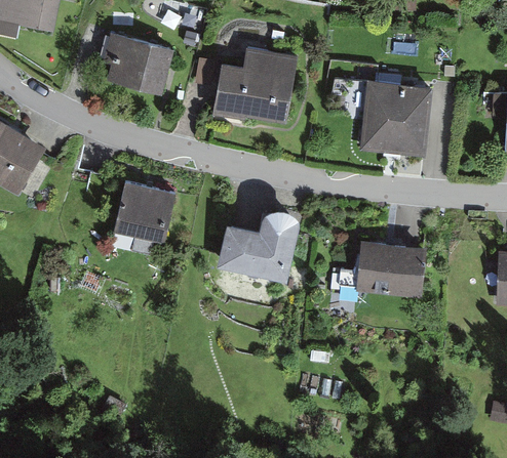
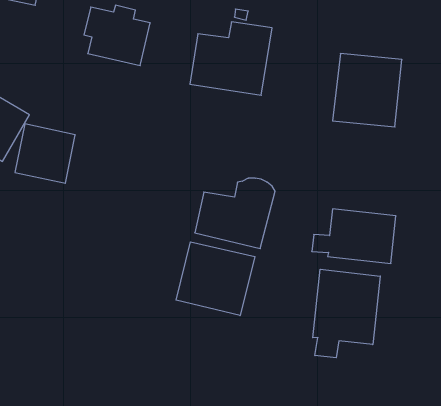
building: [114,182,177,244] -> [15,124,75,183]
building: none -> [176,242,255,316]
building: none -> [313,269,380,358]

